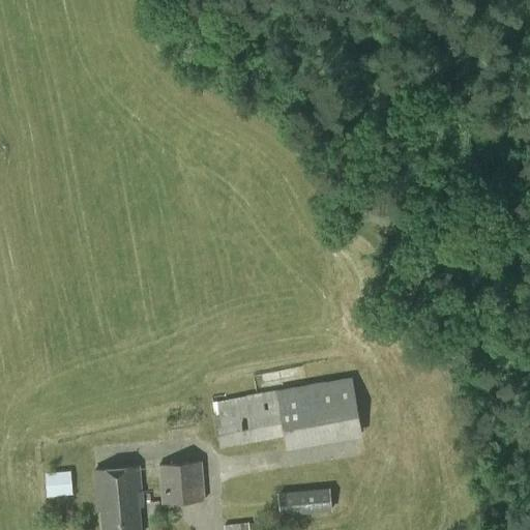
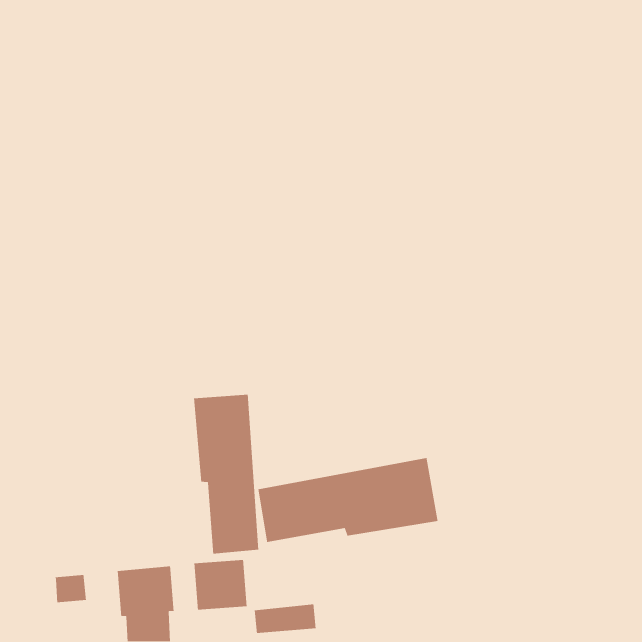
building: none -> [193,394,259,554]
building: [278,489,330,513] -> [254,604,317,634]

